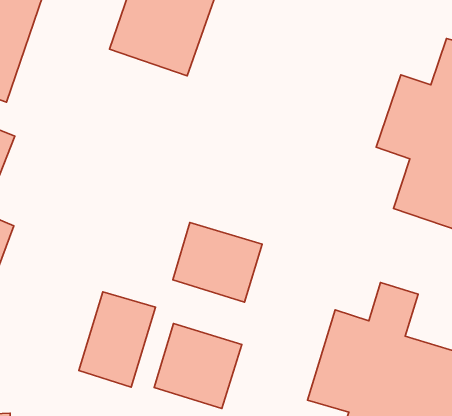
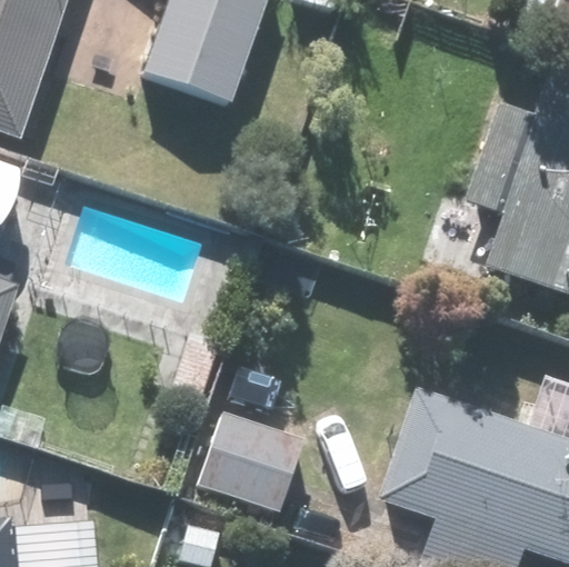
building: [173,223,262,302] -> none
building: [79,292,156,387] -> none

